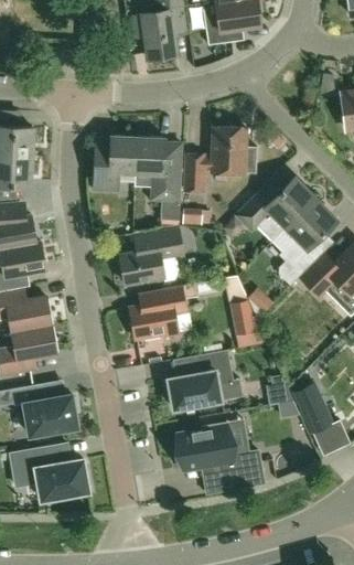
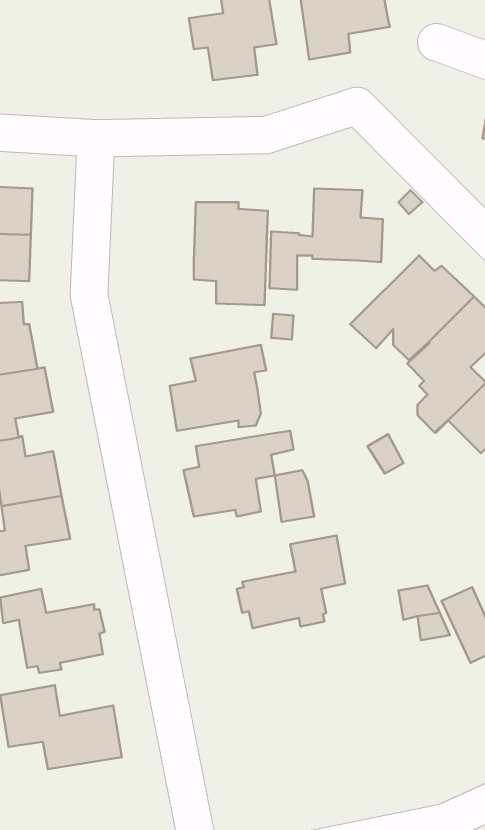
building: [92,135,136,191] -> none
building: [232,300,257,333] -> [275,470,314,522]
building: [178,422,265,489] -> none

